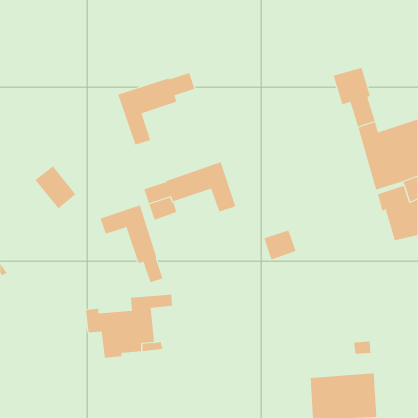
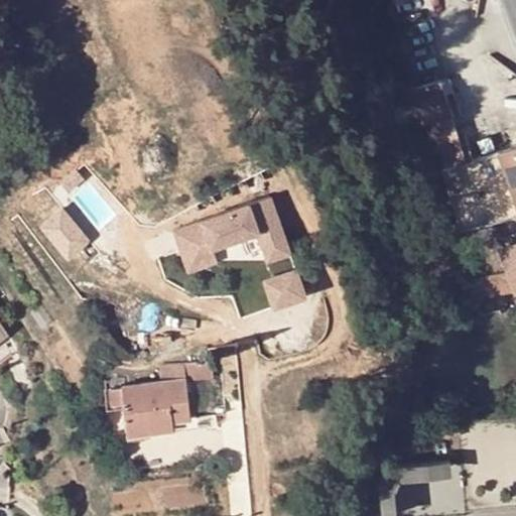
building: [118,72,195,146] -> none
building: [100,205,163,283] -> none
building: [264,230,296,260] -> [265,272,305,309]

